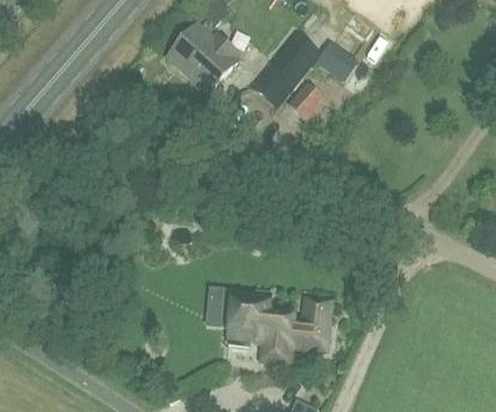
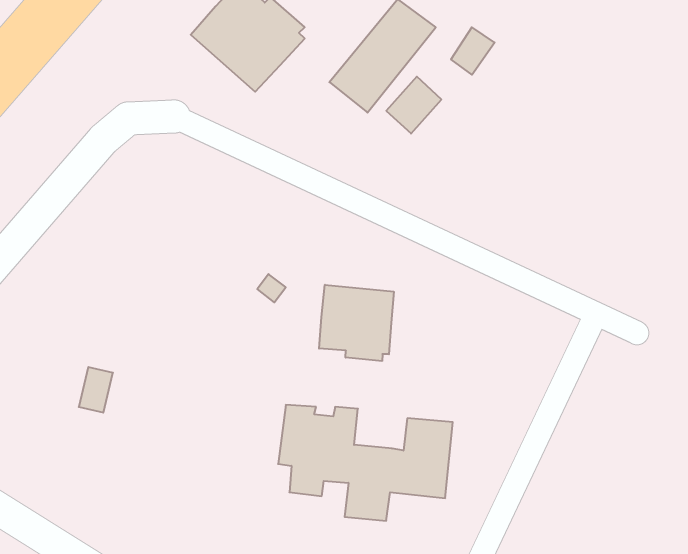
building: none -> [319,285,394,361]

